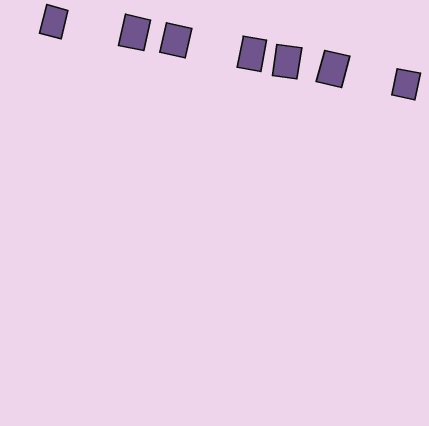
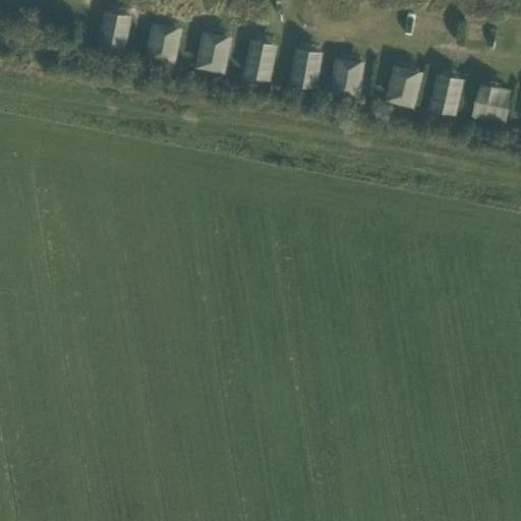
building: [39,4,68,39] -> [98,11,132,53]
building: none -> [242,40,279,82]
building: none -> [428,73,465,116]

